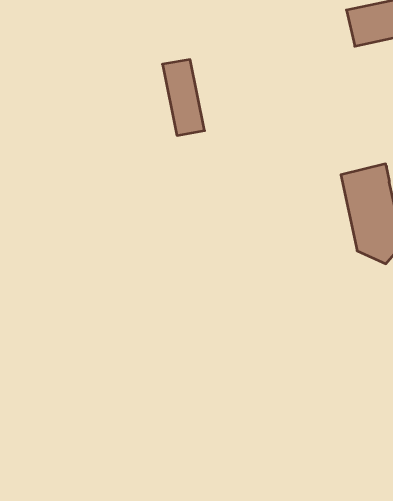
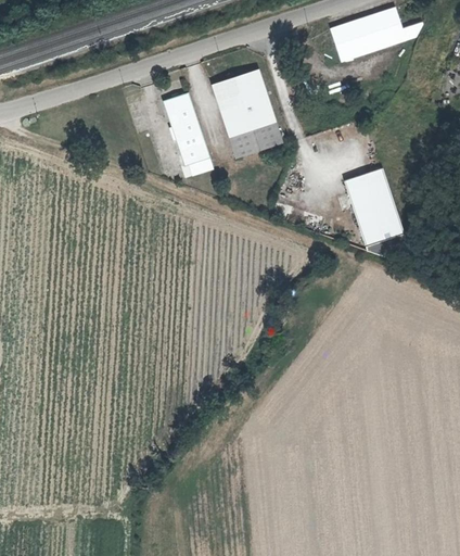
building: none -> [212,70,281,157]

